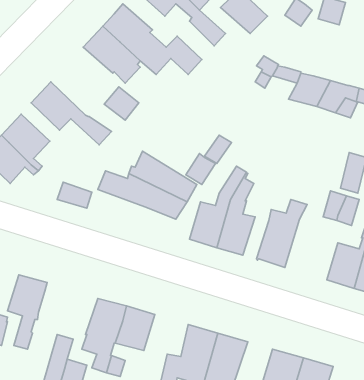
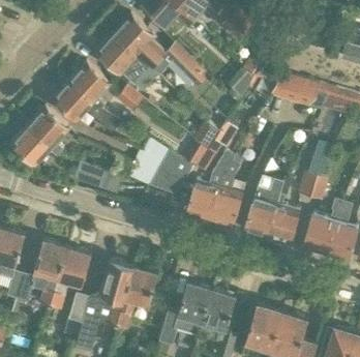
building: none -> [70,62,112,109]
building: none -> [266,175,298,241]
building: none -> [51,247,92,306]

